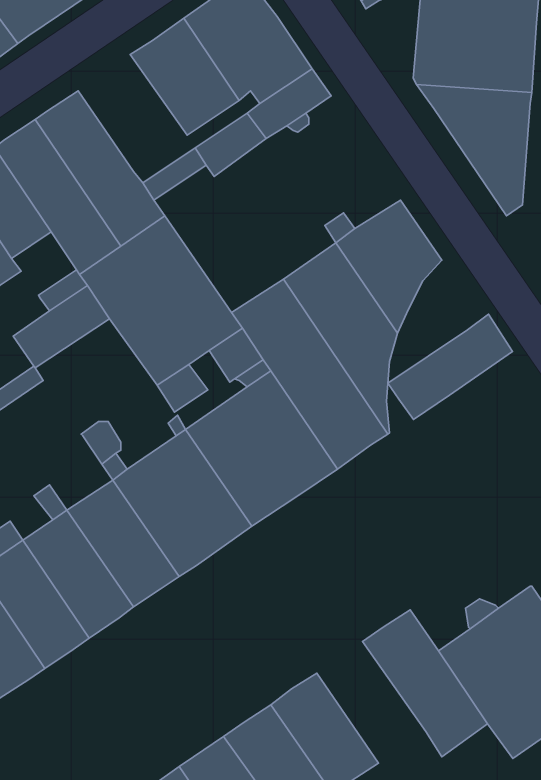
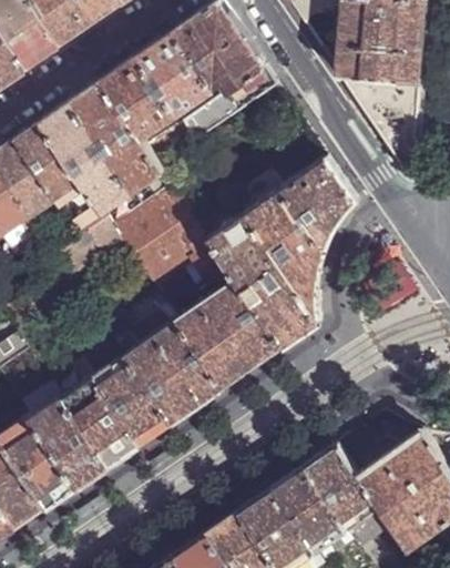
building: none -> [100,55,176,138]
building: [388,314,512,420] -> none
building: none -> [267,467,344,552]

